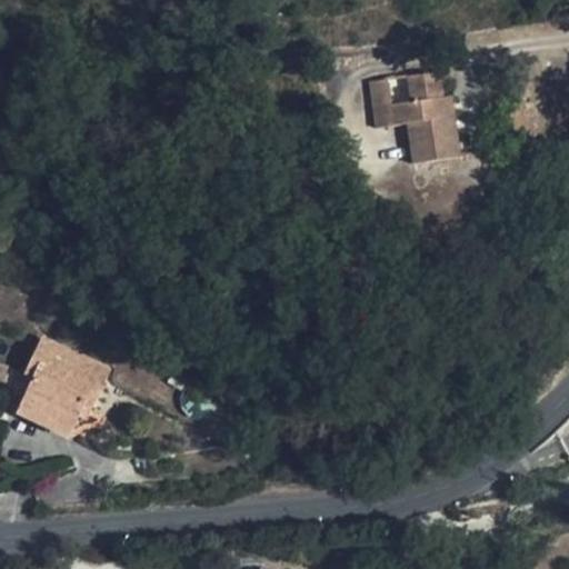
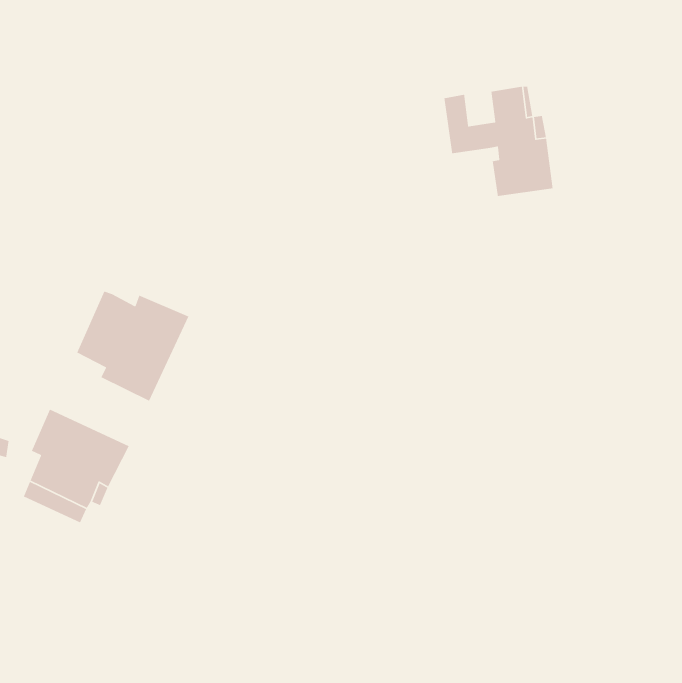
building: none -> [76,290,190,402]

